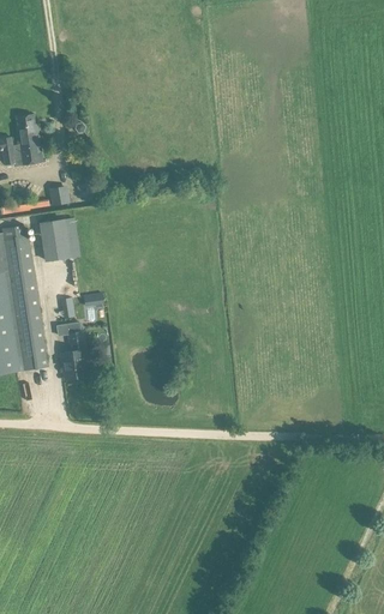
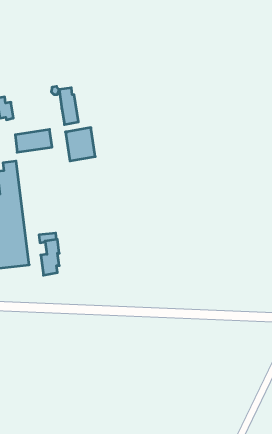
building: [17,114,43,164] -> [59,88,78,125]
building: [38,216,79,261] -> [65,128,95,161]

